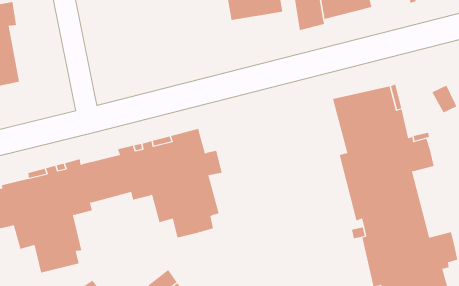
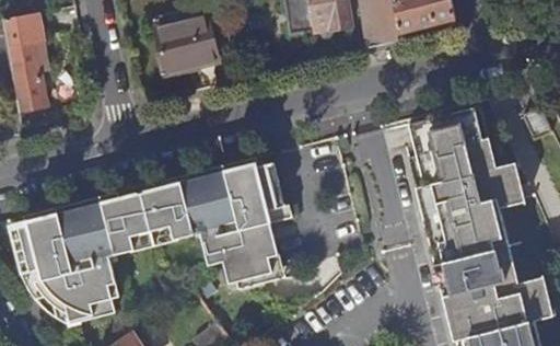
building: none -> [155,18,218,73]

